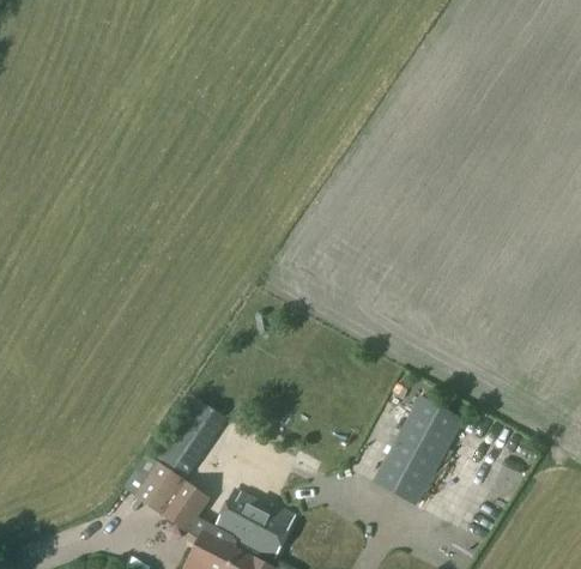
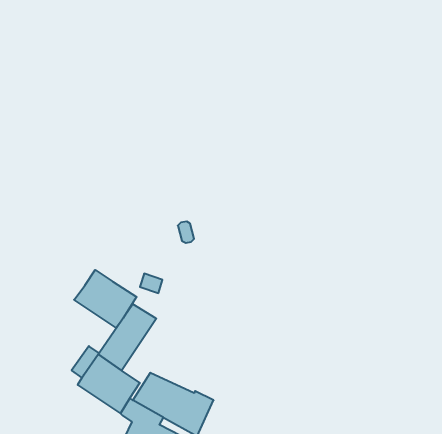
building: none -> [74,270,137,328]
building: [373,398,465,507] -> none

